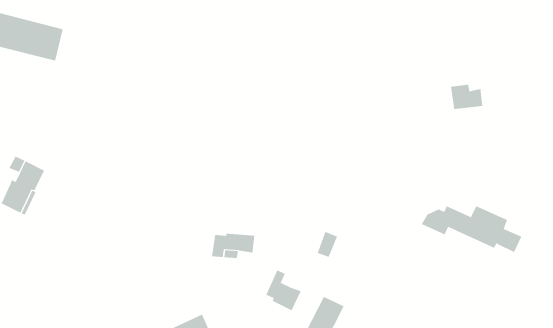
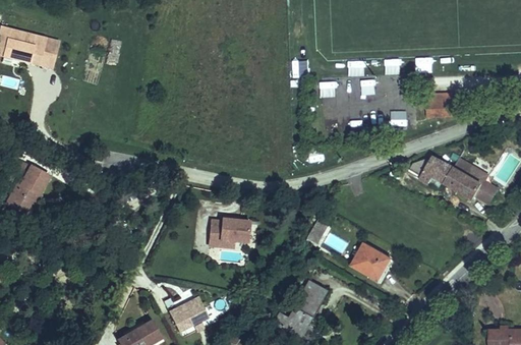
building: [421,206,522,253] -> [415,158,509,202]
building: none -> [350,245,387,279]
building: [265,269,301,311] -> none

